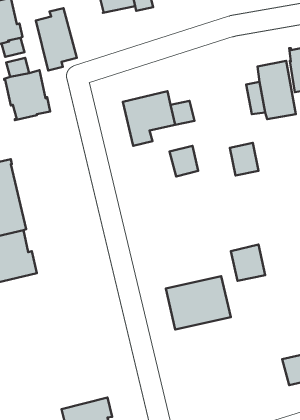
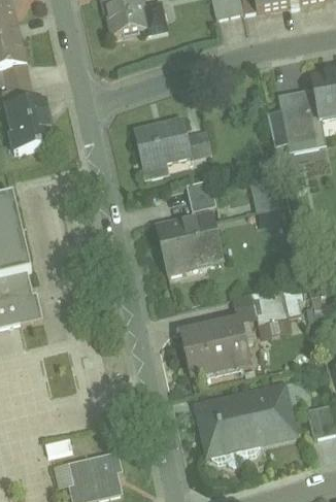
building: [36,8,77,71] -> none
building: none -> [157,211,224,276]
building: none -> [197,386,293,467]

